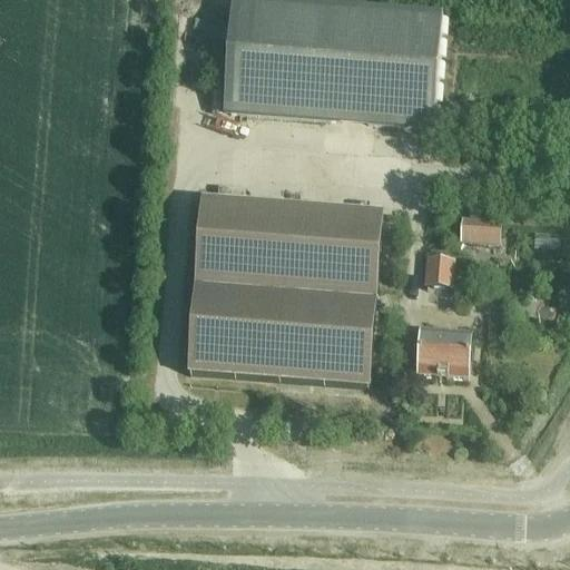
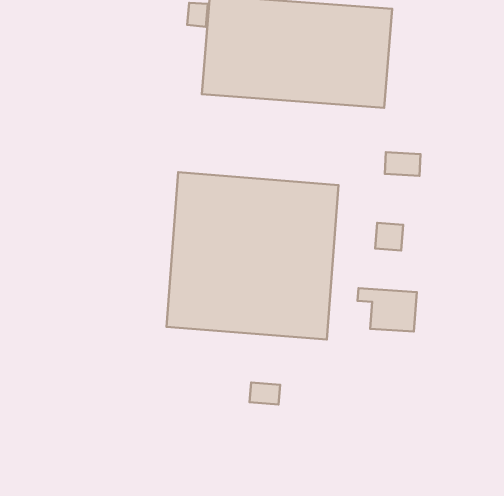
building: [459,213,499,239] -> [385,152,420,176]
building: none -> [250,382,280,405]

